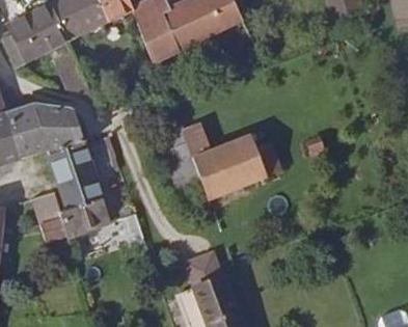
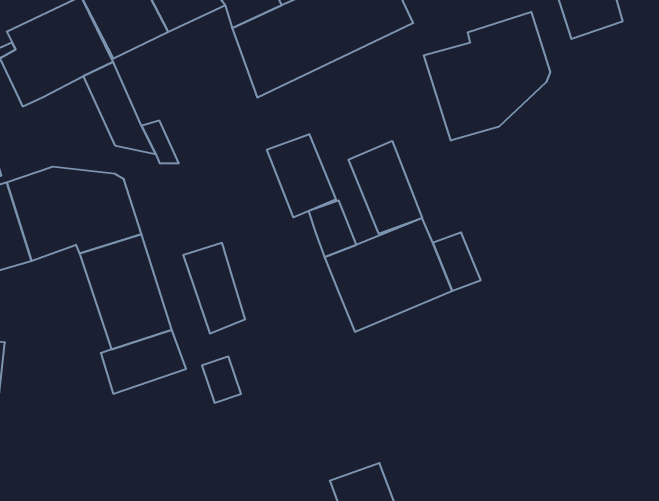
building: none -> [424,12,550,141]
building: none -> [267,134,336,217]
building: none -> [349,141,422,234]
building: [31,191,67,244] -> [183,243,245,333]
building: [185,251,223,287] -> none

